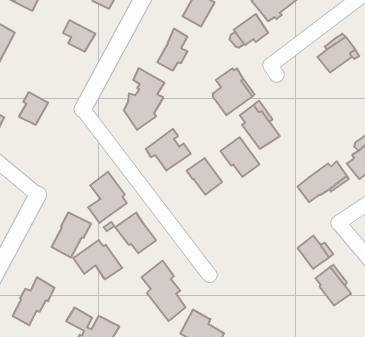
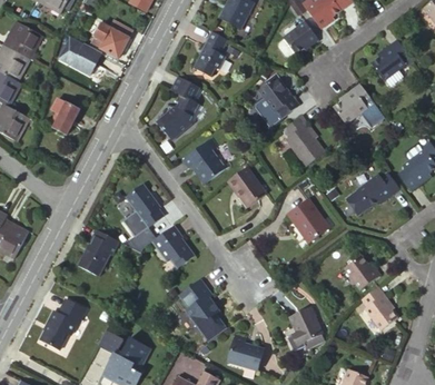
building: none -> [61,40,103,75]
building: none -> [330,87,383,127]
building: [221,137,259,177] -> [286,200,327,243]
building: [73,240,122,279] -> none
building: none -> [286,306,325,354]

